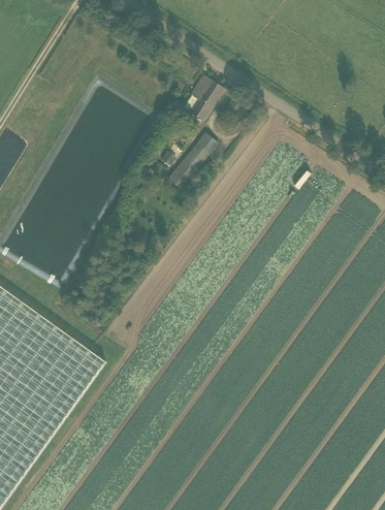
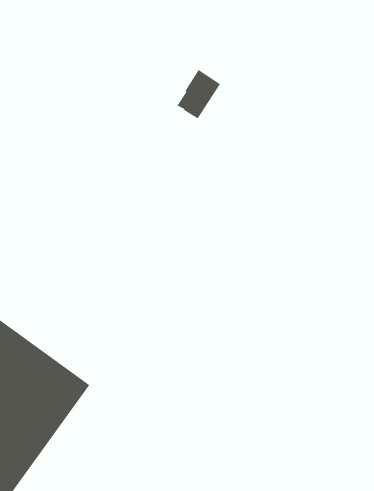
building: [167,133,218,190] -> none

